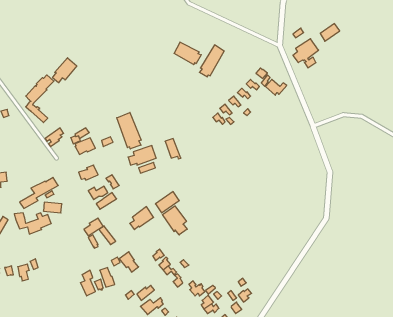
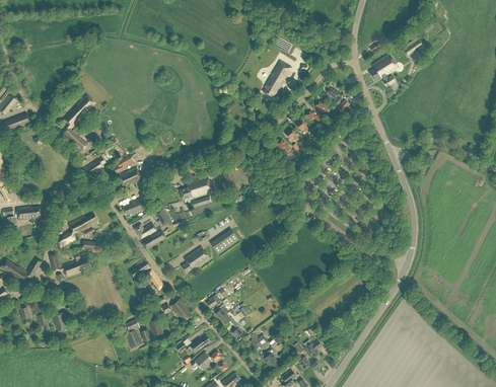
building: [174,42,201,65] -> none
building: [53,58,77,83] -> none
building: [117,112,141,149] -> none
building: [162,206,187,235] -> none

